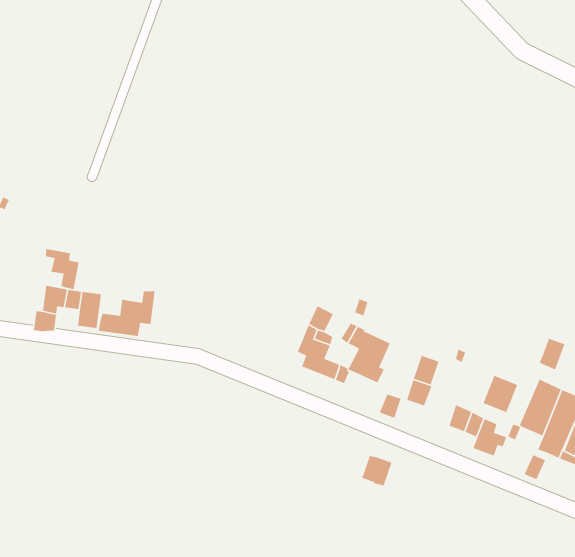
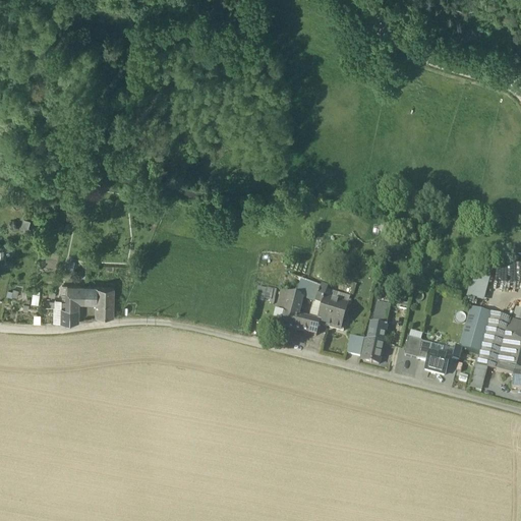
building: [45,248,79,290] -> none
building: [98,290,155,337] -> none
building: [482,375,518,413] -> none
building: [361,455,392,487] -> [360,338,384,361]

